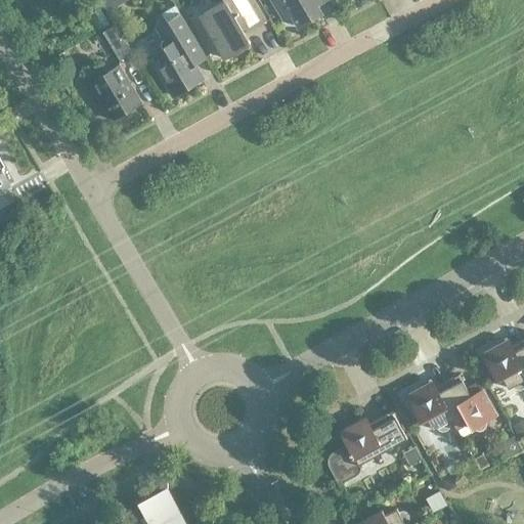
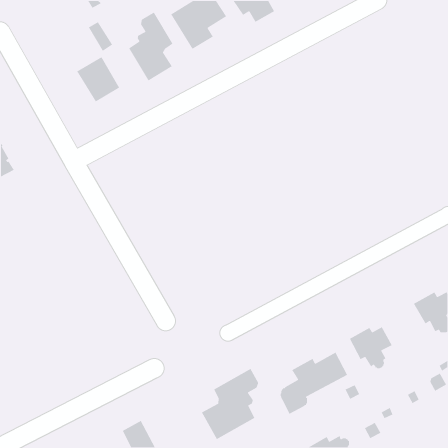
building: [446,374,496,430] -> none
building: none -> [201,368,259,440]

